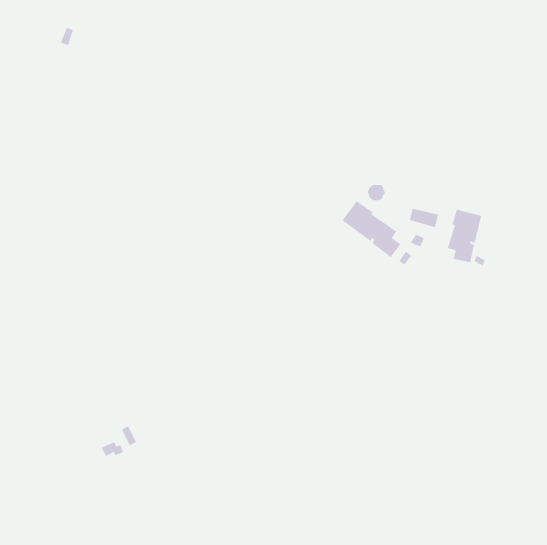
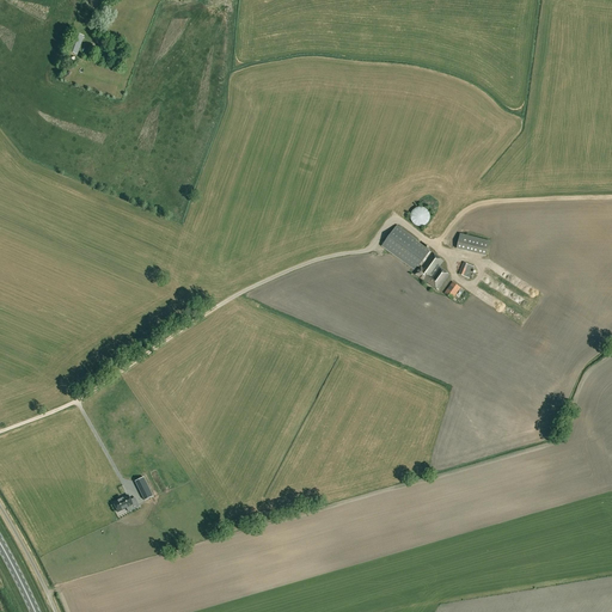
building: [447,209,482,263] -> none

